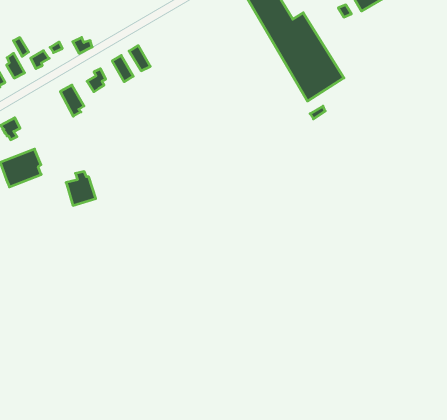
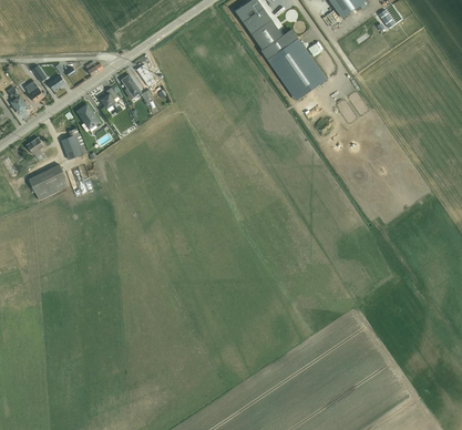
building: [66,172,96,205] -> [60,129,88,160]

